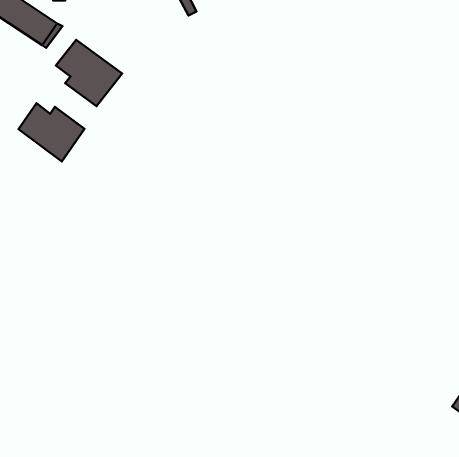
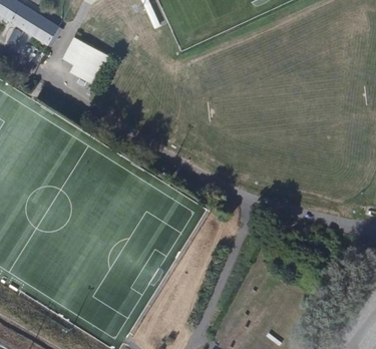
building: [18,103,85,161] -> none

